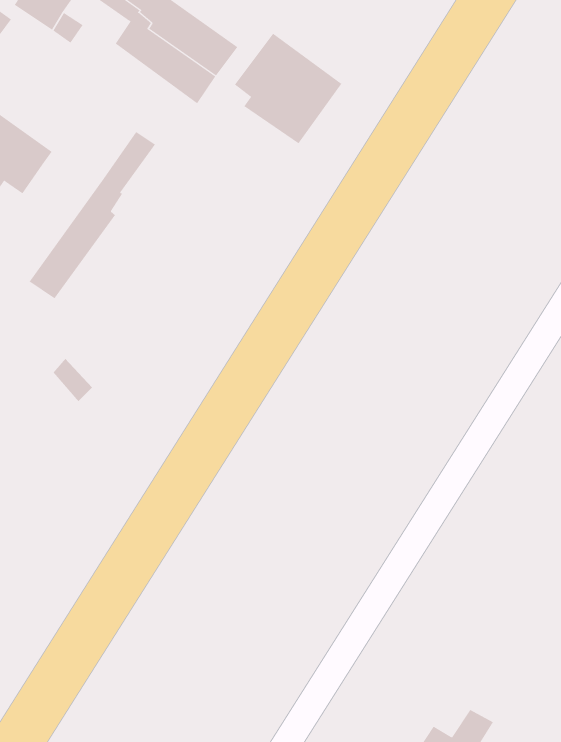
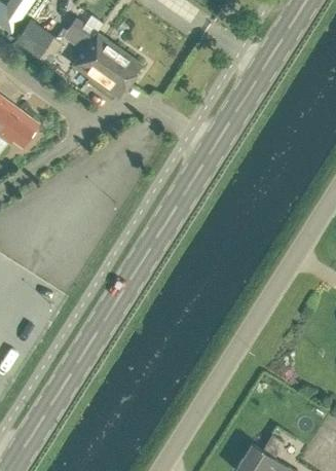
building: [234,33,342,144] -> none
building: [29,131,156,299] -> none

